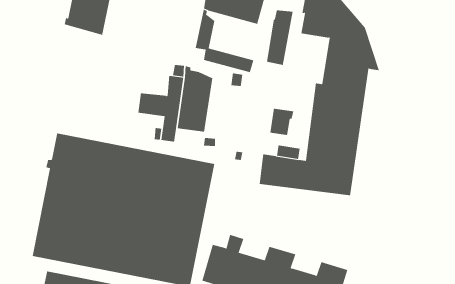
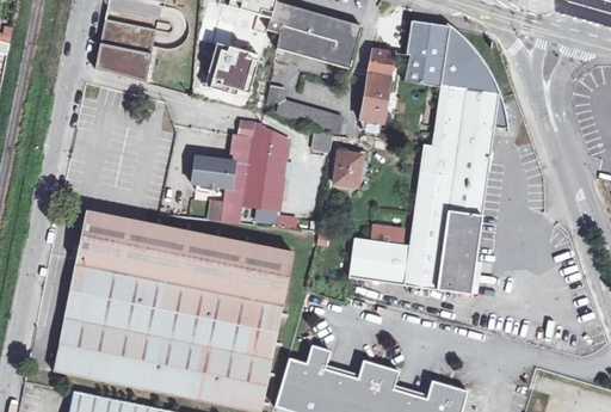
building: none -> [208,47,257,93]
building: [270,108,294,136] -> [333,150,365,186]

